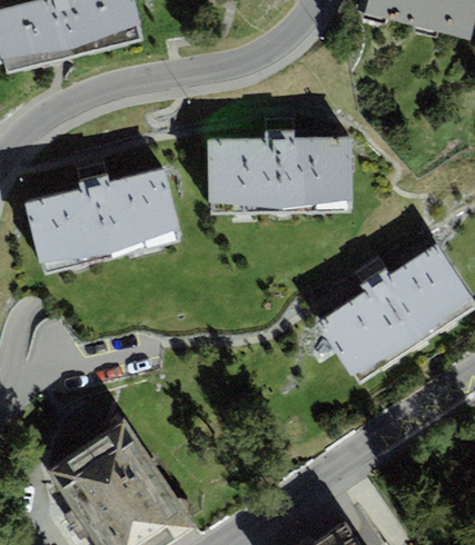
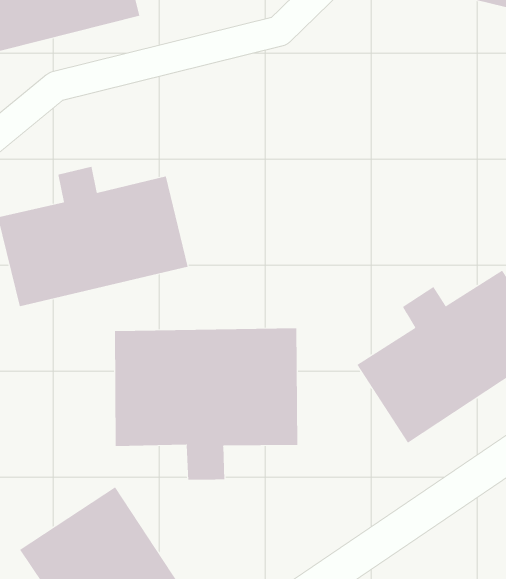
building: [209,117,352,212] -> none
building: none -> [114,328,298,480]

